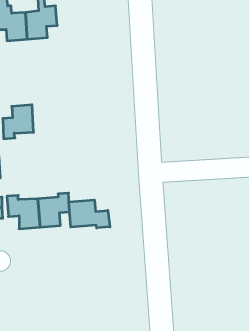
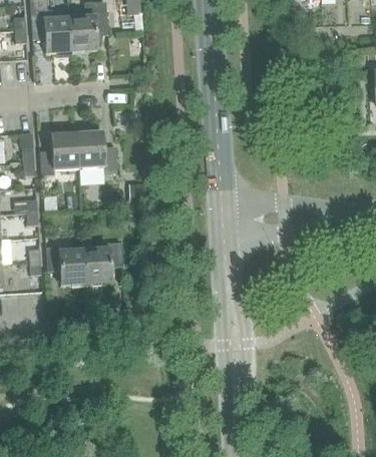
building: none -> [77,130,118,170]
building: [69,200,110,228] -> none

